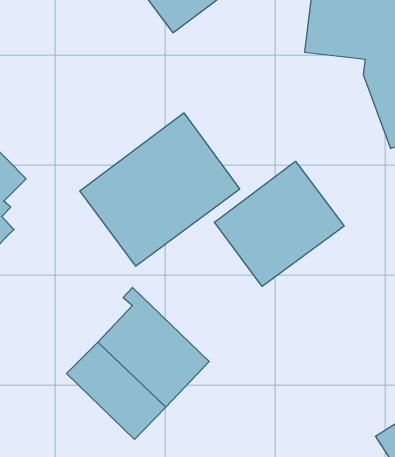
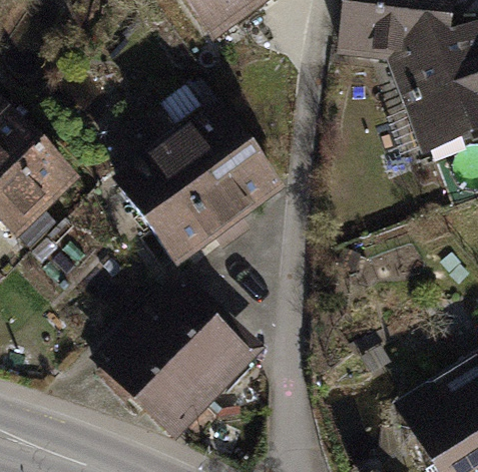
building: [214,161,344,286] -> none

